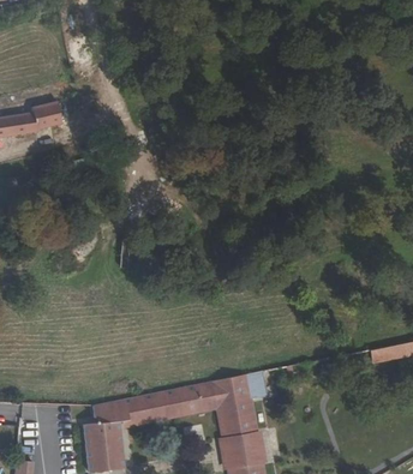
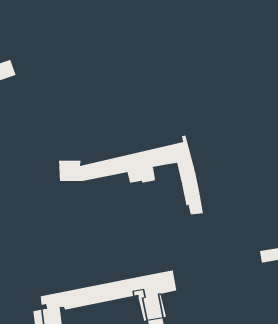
building: none -> [58,135,203,215]

